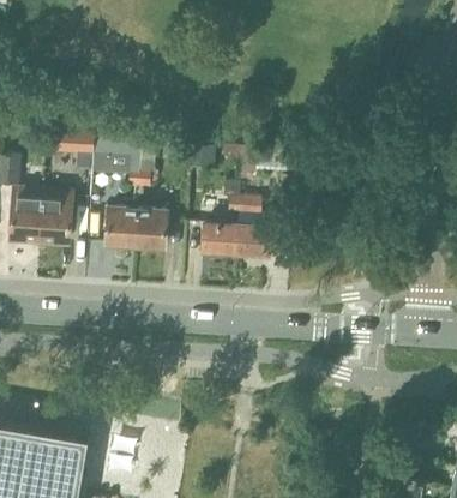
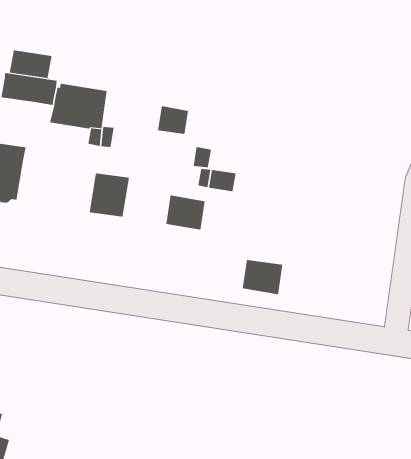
building: none -> [9,50,52,79]
building: [106,208,137,246] -> none
building: [236,226,271,254] -> [242,259,283,295]

